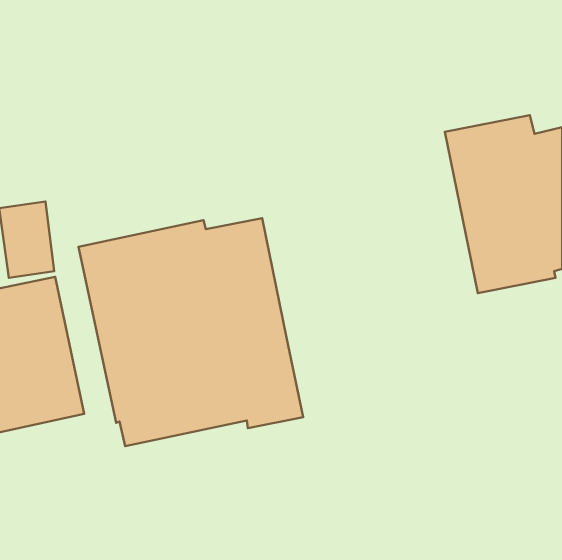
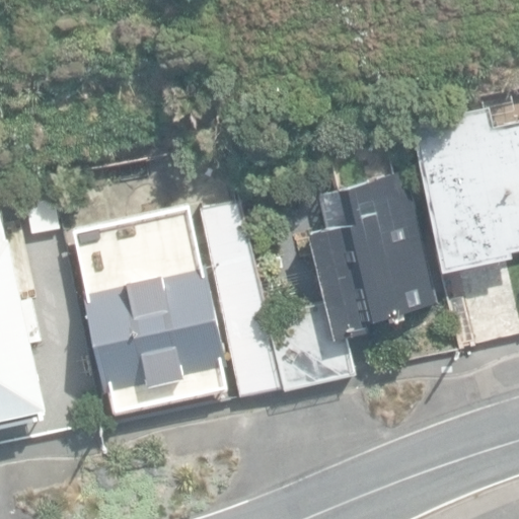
building: none -> [263,173,435,387]

